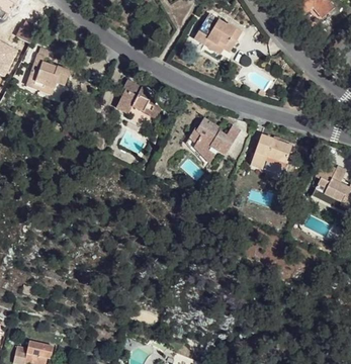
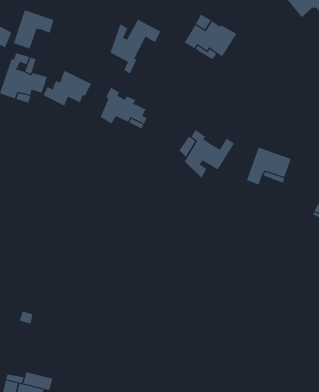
building: none -> [13,10,54,49]
building: none -> [110,19,161,74]
building: none -> [43,70,92,107]

